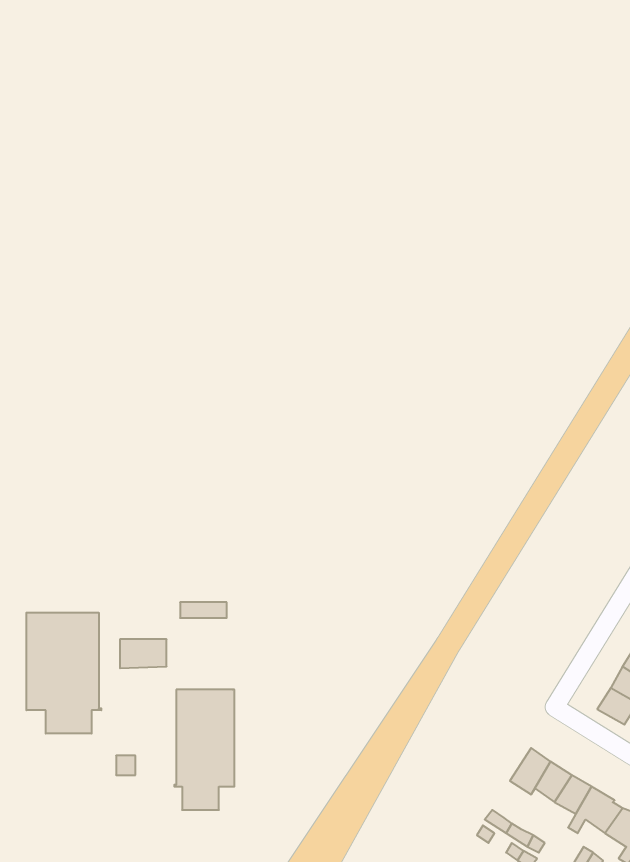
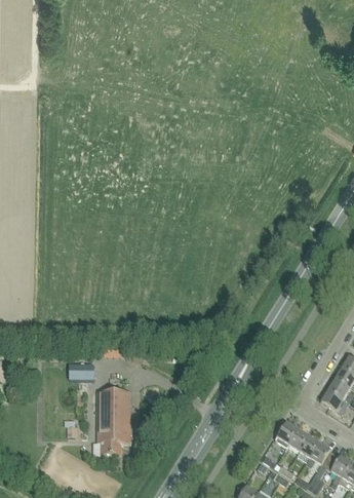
building: [26,613,101,734] -> none

